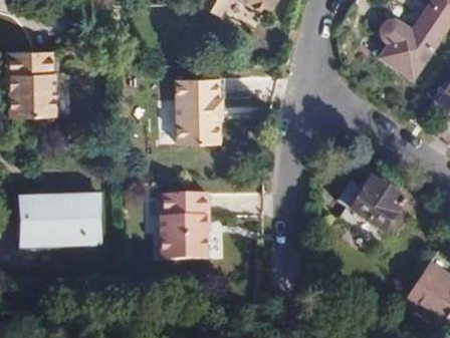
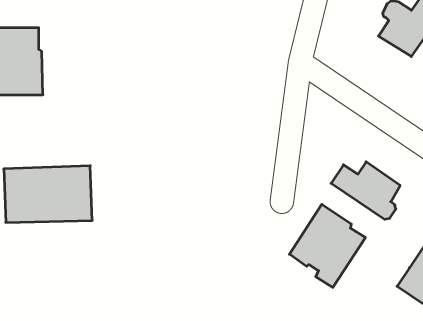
building: [178,78,225,144] -> none
building: [162,195,209,261] -> none
building: none -> [289,204,365,287]

